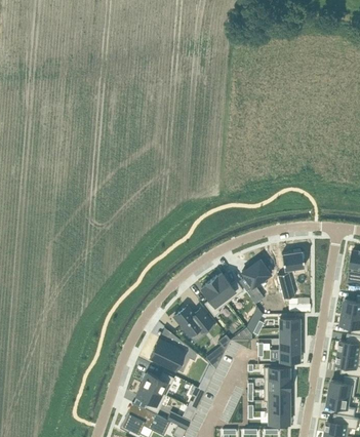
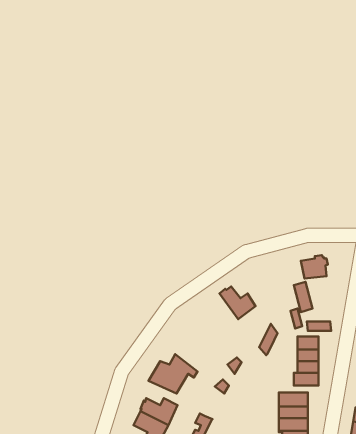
building: [240,259,270,305] -> none
building: [200,281,227,318] -> none
building: [172,307,211,337] -> none

